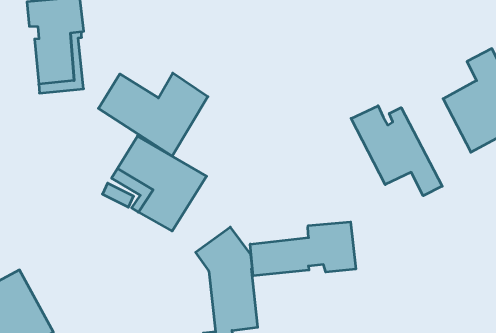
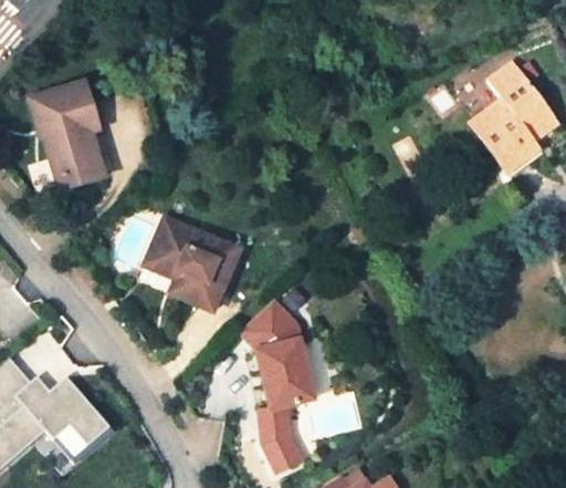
building: [98,73,208,156] -> none
building: [351,106,442,196] -> none
building: [250,222,356,276] -> none

